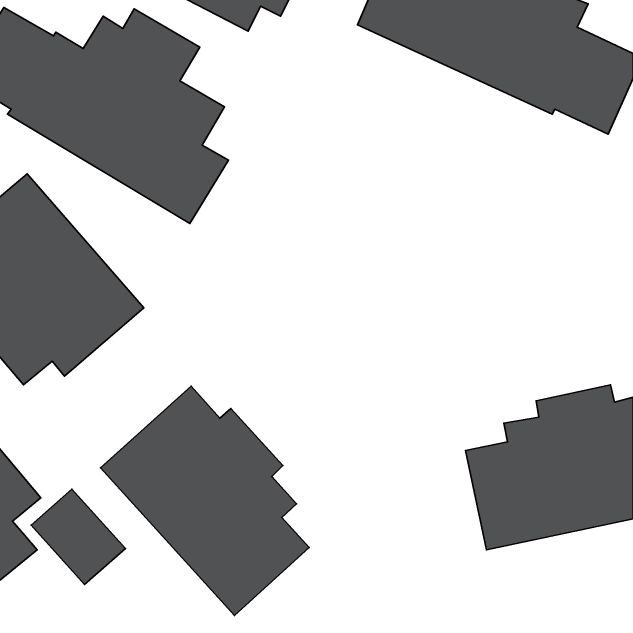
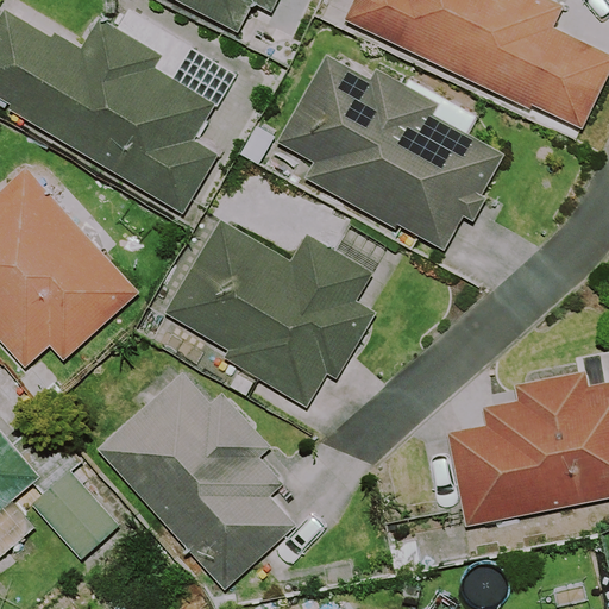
building: none -> [277,52,504,250]
building: none -> [163,216,376,408]

